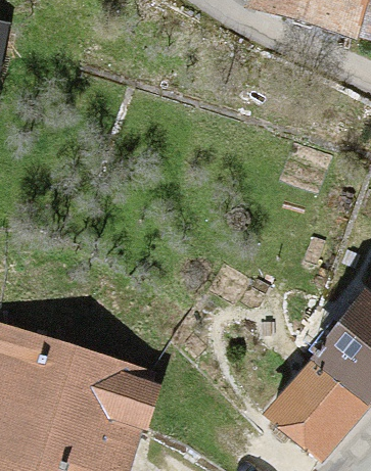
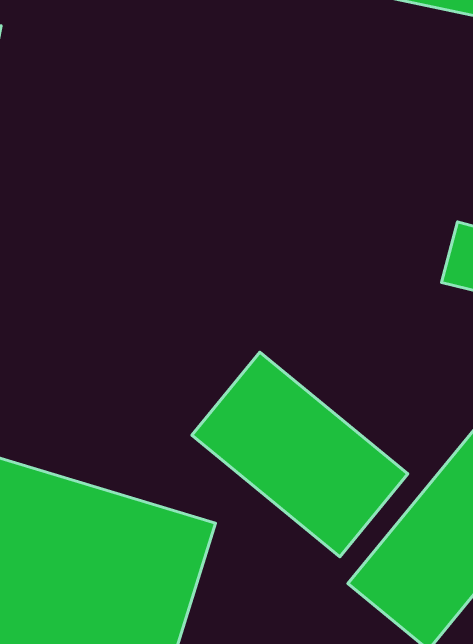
building: none -> [192,352,408,557]

